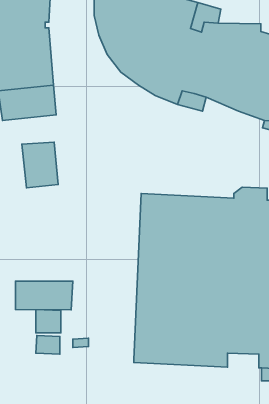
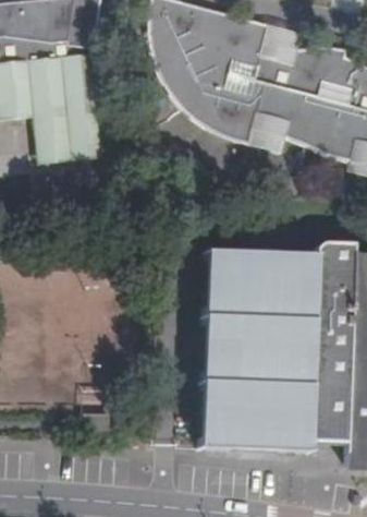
building: [22,142,58,188] -> none
building: [15,281,73,310] -> none

